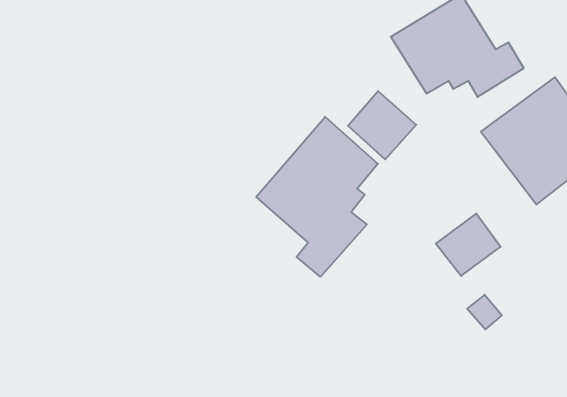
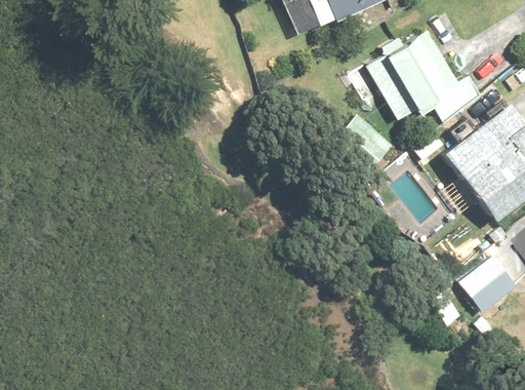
building: [256,117,378,277] -> none
building: [436,213,501,276] -> [458,256,516,311]

